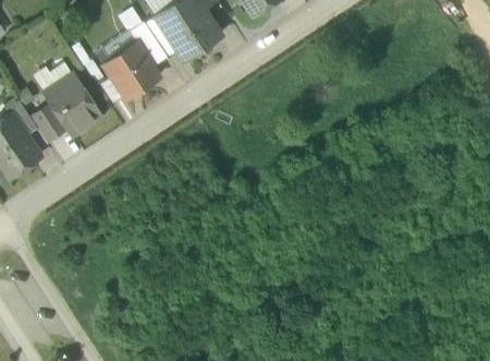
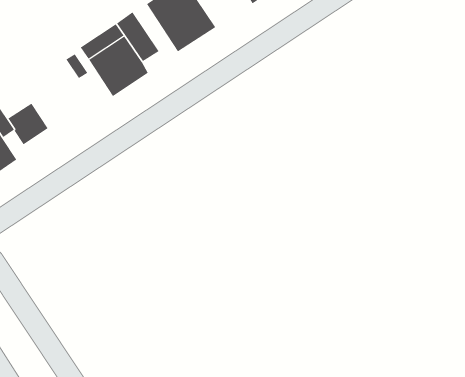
building: [46,74,100,133] -> none

